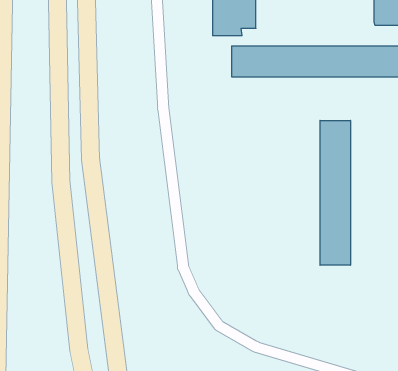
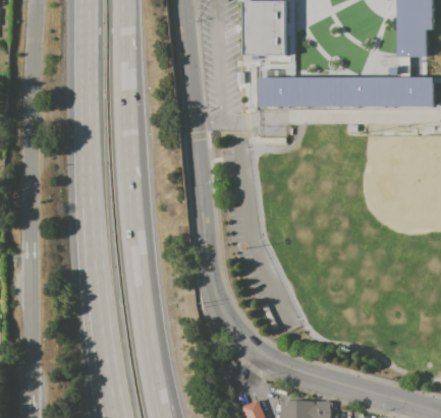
building: [320,120,350,265] -> none

